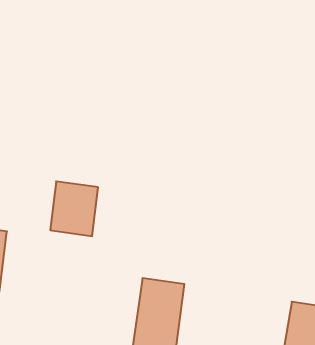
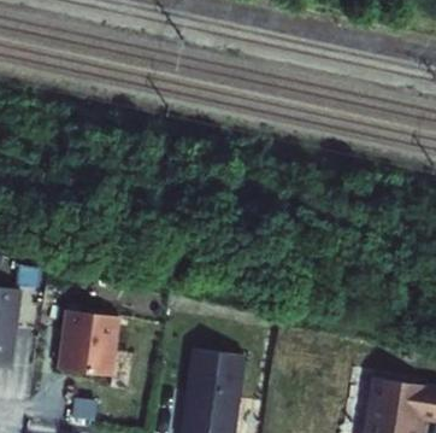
building: [50,181,98,236] -> [63,310,122,378]

